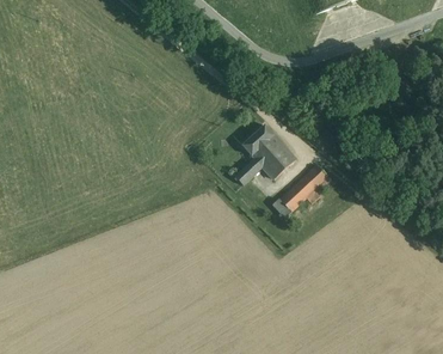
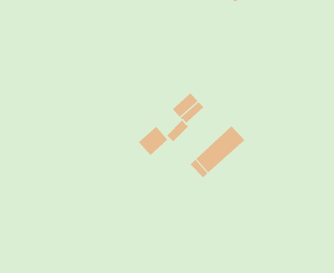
building: [259,142,296,179] -> [138,126,168,156]

